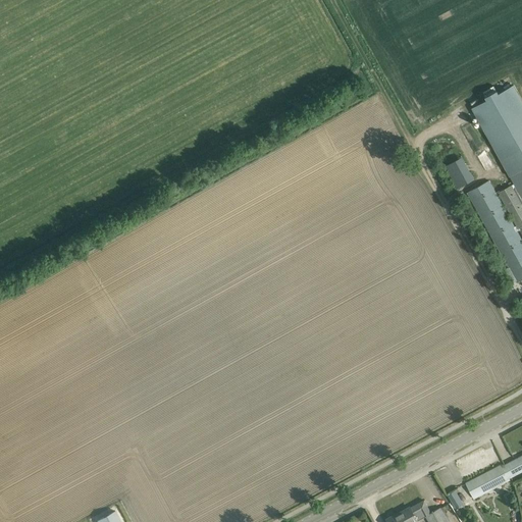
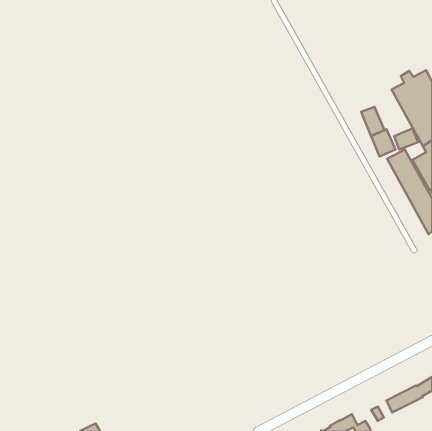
building: none -> [361,107,384,136]
building: none -> [394,128,418,149]

